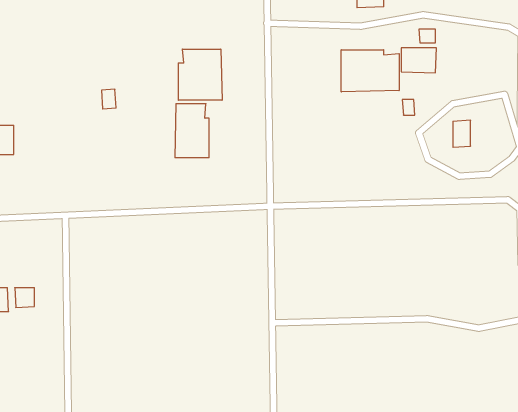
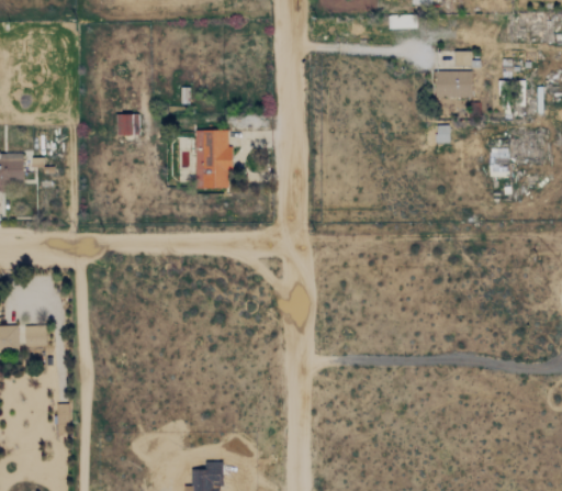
building: [178,49,222,100] -> none
building: [341,50,399,92] -> none

